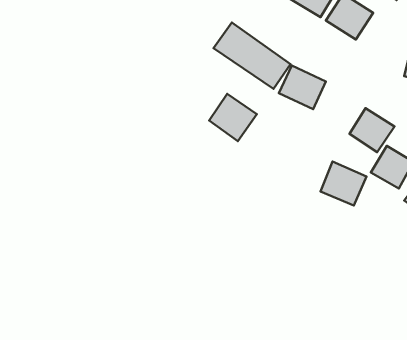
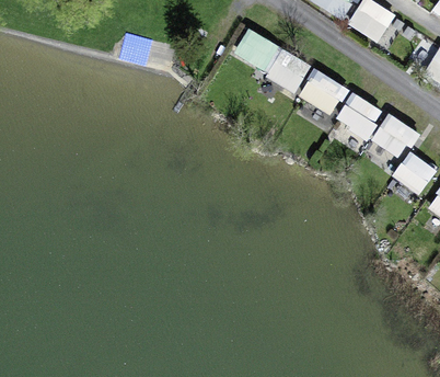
building: [209,94,257,141] -> none
building: [321,161,367,205] -> [336,92,383,137]

